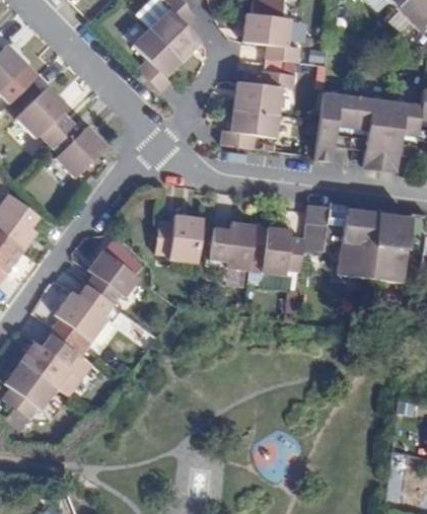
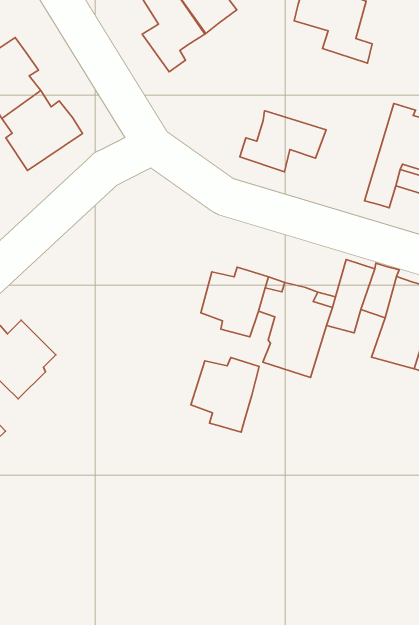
building: [234,71,299,115] -> none
building: [157,215,204,263] -> none
building: [86,242,141,305] -> none
building: none -> [191,357,259,432]

